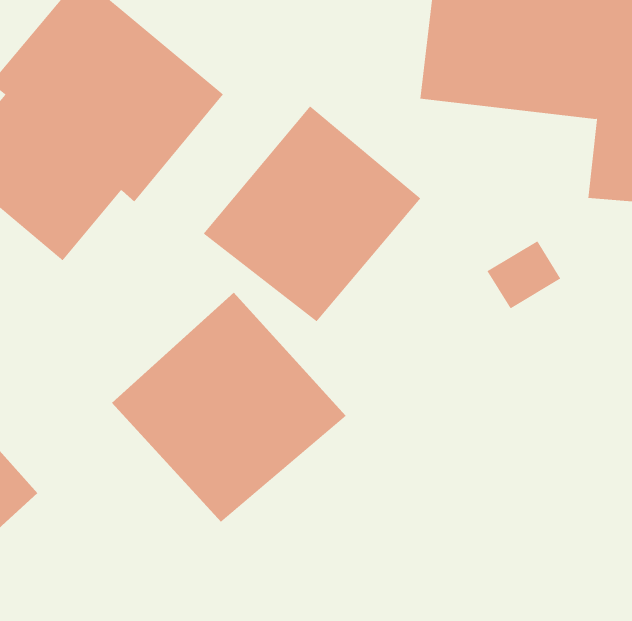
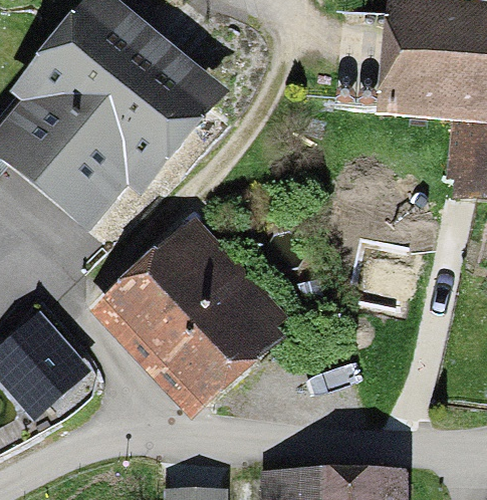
building: [203,105,421,322] -> none

